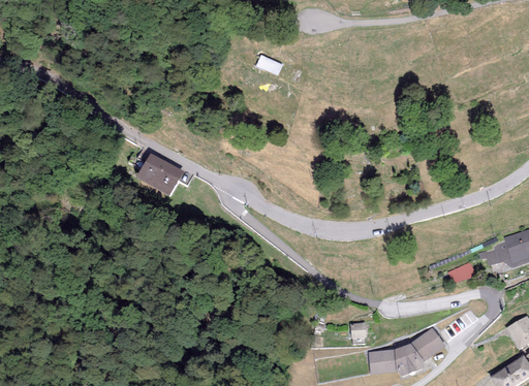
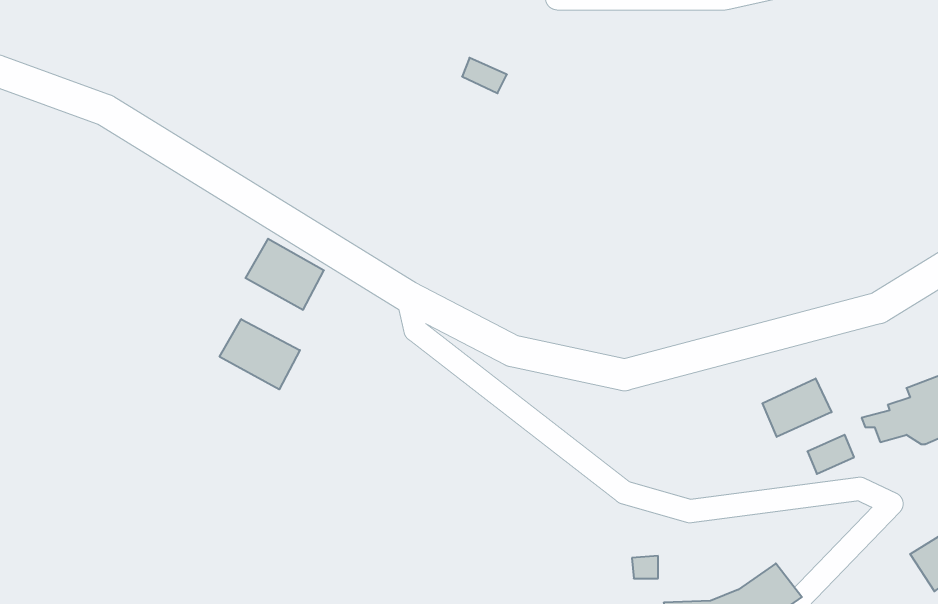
building: none -> [220,319,300,389]
building: none -> [762,378,832,437]

